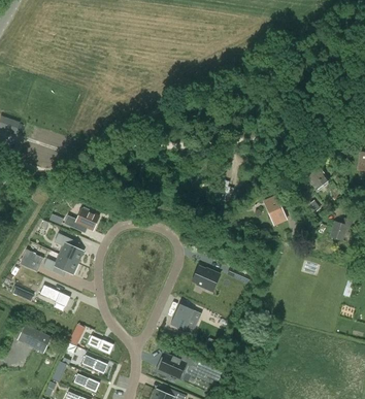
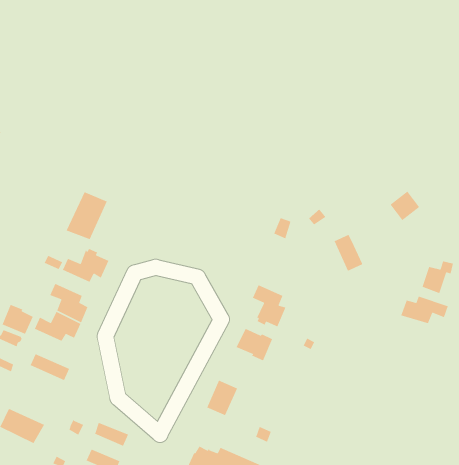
building: none -> [66,191,108,240]
building: none -> [252,284,287,328]
building: none -> [400,296,449,324]

